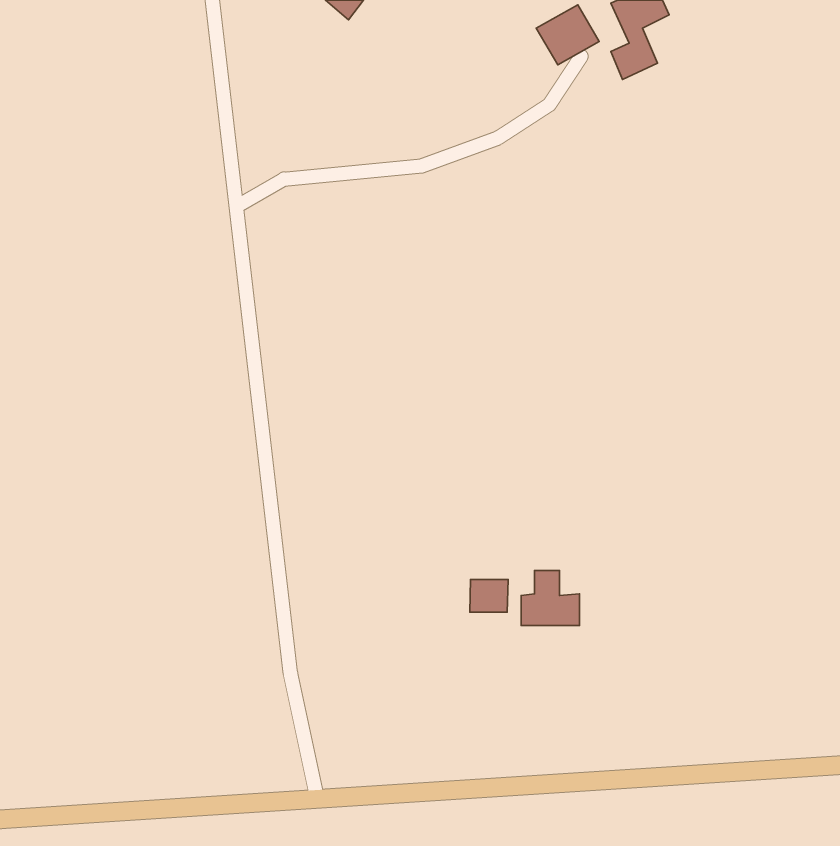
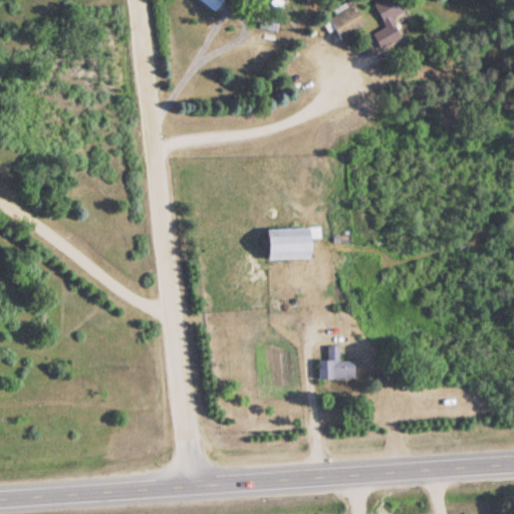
building: none -> [270,229,312,259]
building: [470,579,508,612] -> none

